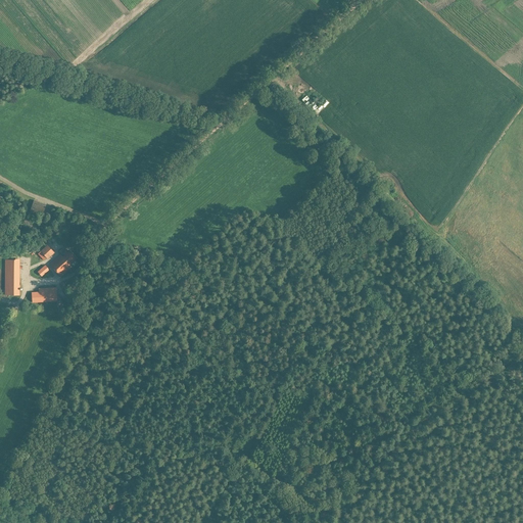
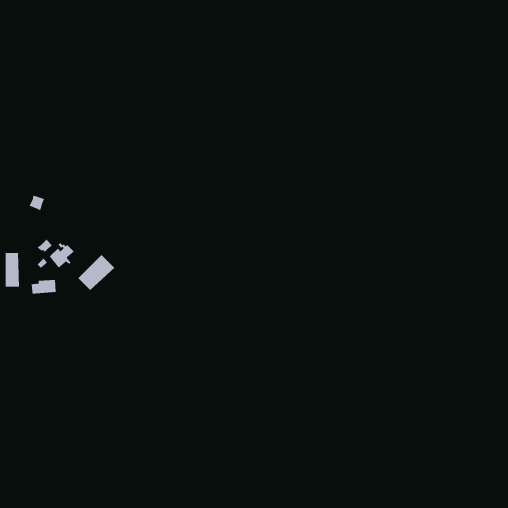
building: none -> [78,254,115,291]

